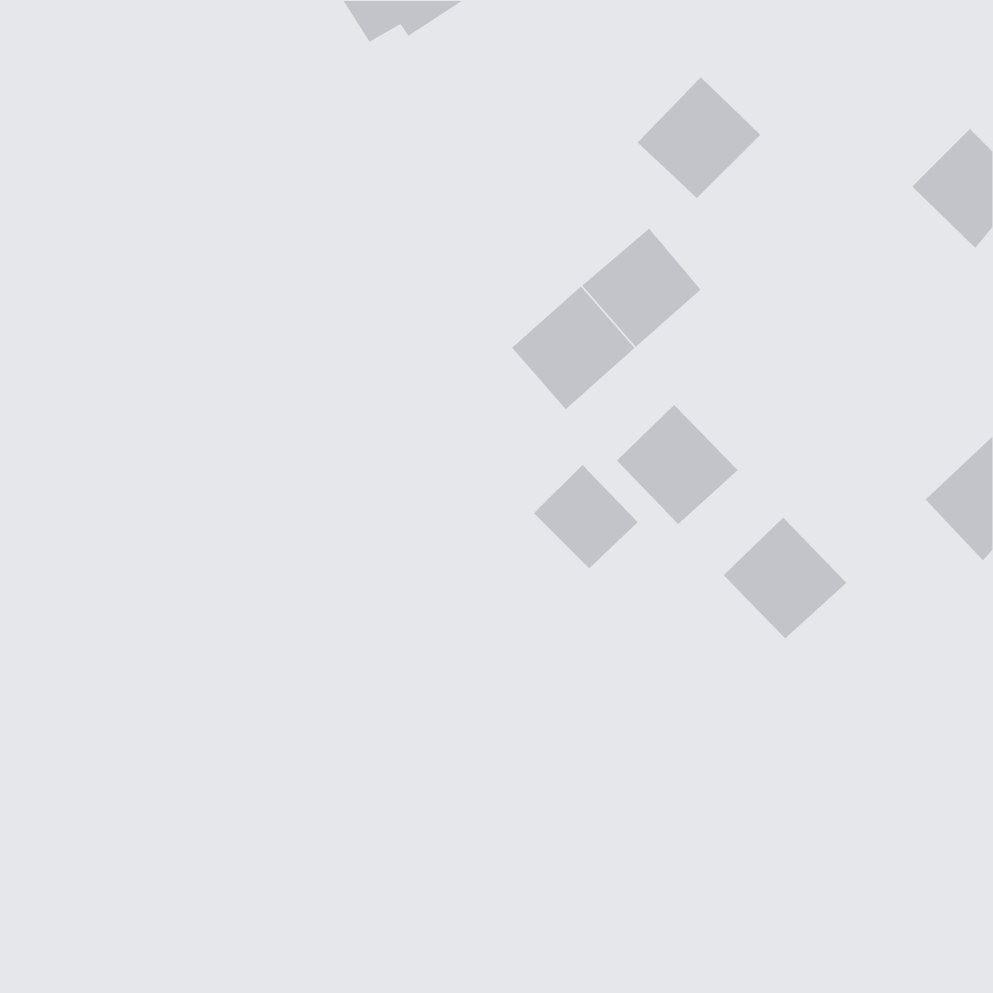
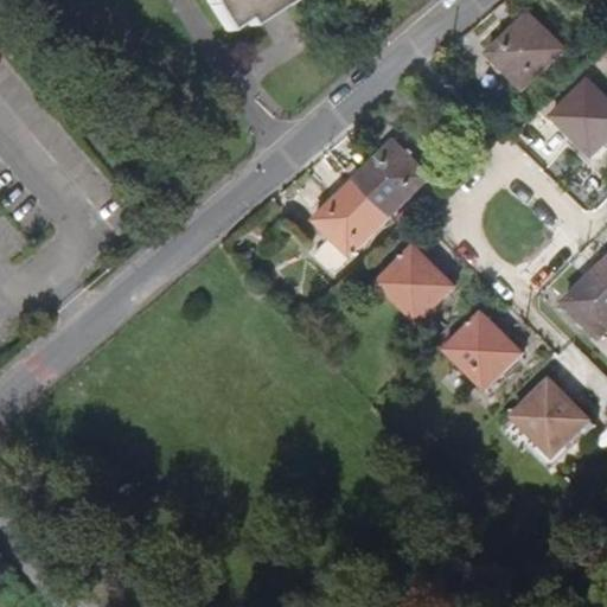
building: [637,77,761,199] -> [486,6,562,81]
building: [533,464,638,569] -> none
building: none -> [511,388,587,462]

